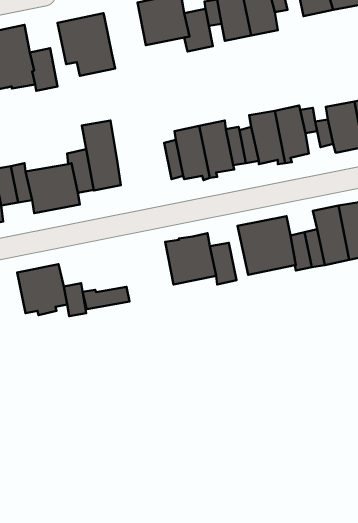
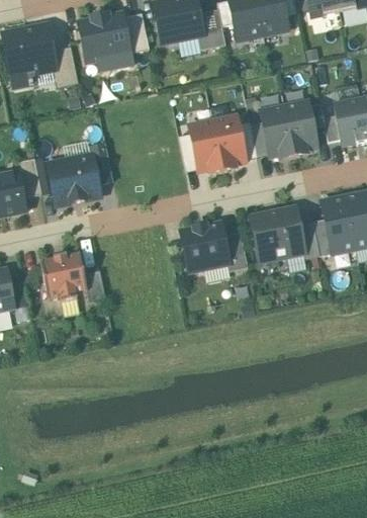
building: none -> [122,13,148,52]
building: [82,121,121,191] -> none
building: [83,287,129,309] -> none

